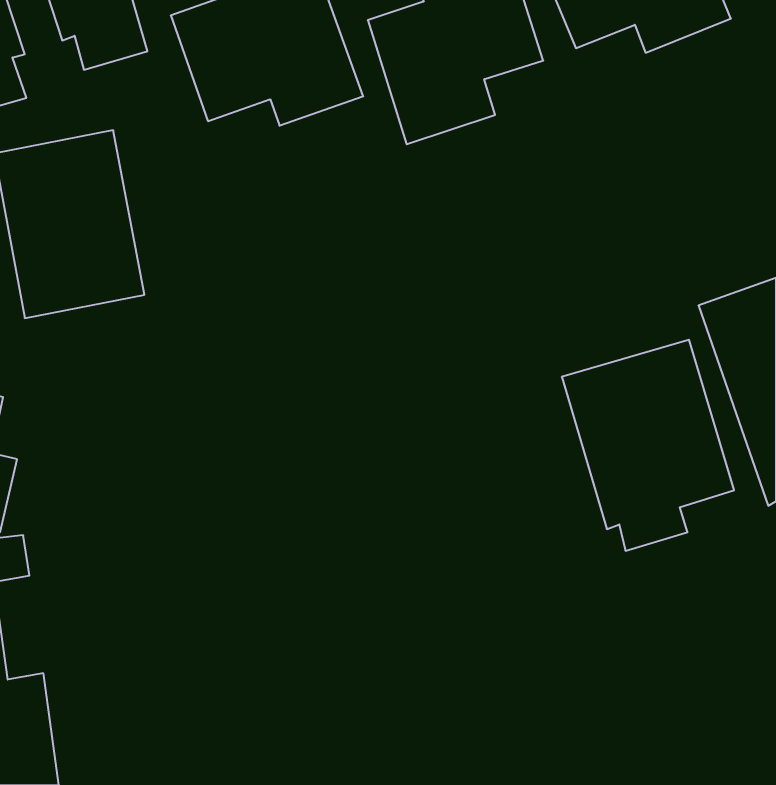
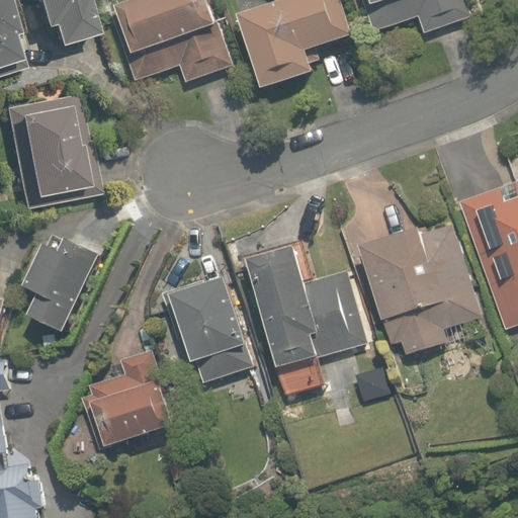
building: none -> [241,241,366,377]
building: none -> [27,242,104,332]
building: none -> [155,263,261,384]
building: none -> [74,343,180,455]

